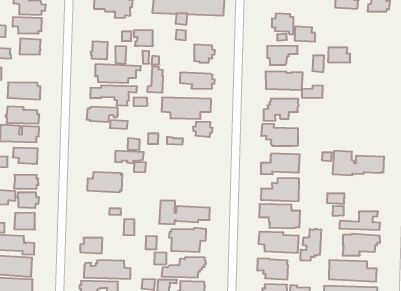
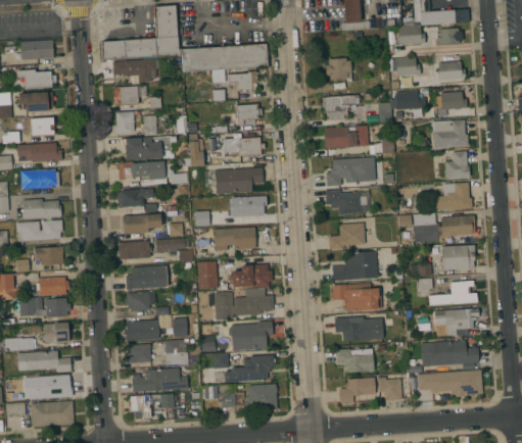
building: none -> [229,71,258,91]
building: none -> [438,62,466,81]
building: [295,27,315,42] -> [395,59,421,77]
building: [134,30,153,46] -> [114,86,139,106]
building: none -> [440,92,467,110]
building: none -> [17,143,62,162]
building: none -> [432,119,469,148]
building: none -> [444,151,470,179]
building: none -> [123,214,161,235]
building: none -> [435,183,472,210]
building: none -> [213,228,256,251]
building: none -> [118,241,152,259]
building: none -> [197,261,219,290]
building: none -> [232,263,273,288]
building: none -> [441,245,475,270]
building: none -> [124,292,156,311]
building: none -> [126,321,159,342]
building: [301,229,321,261] -> none
building: none -> [164,341,189,365]

